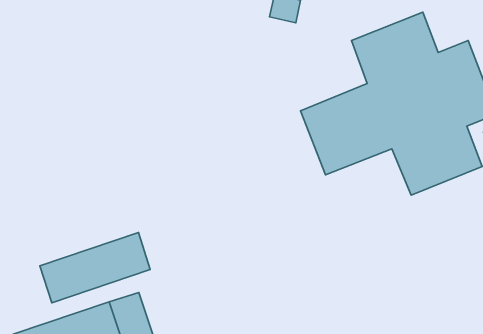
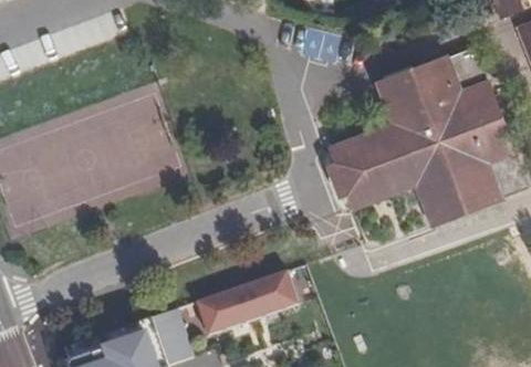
building: [40,233,150,303] -> [195,272,298,337]

